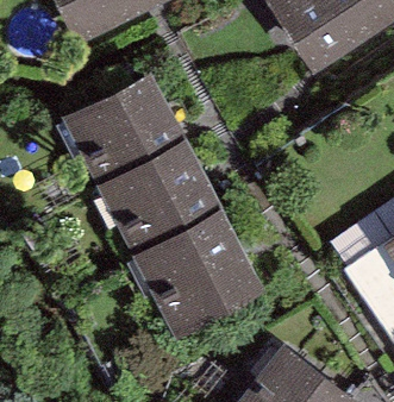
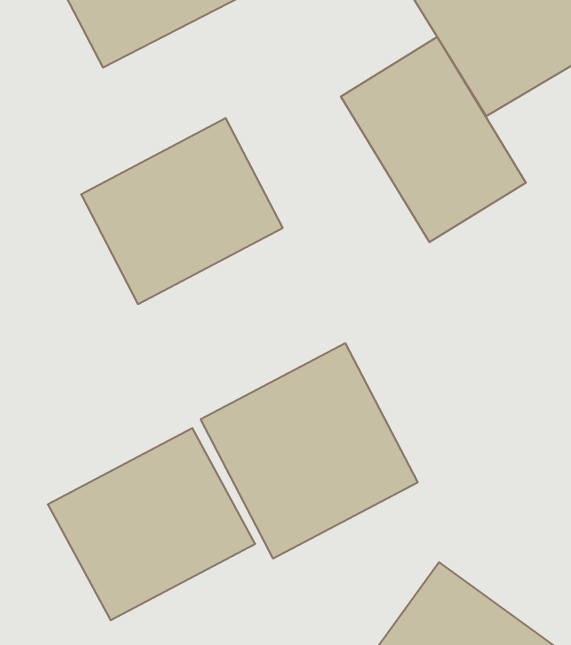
building: none -> [341,37,526,242]
building: [95,139,221,256] -> [48,428,255,620]

